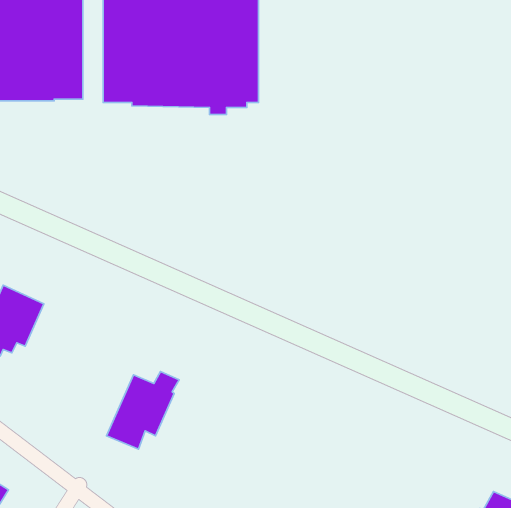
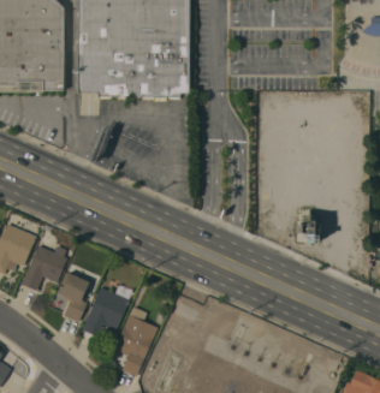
building: none -> [20,245,67,291]
building: none -> [58,273,89,323]
building: none -> [113,306,158,376]

